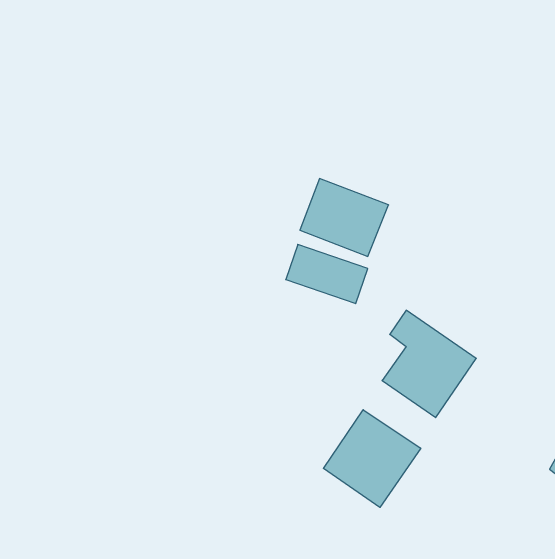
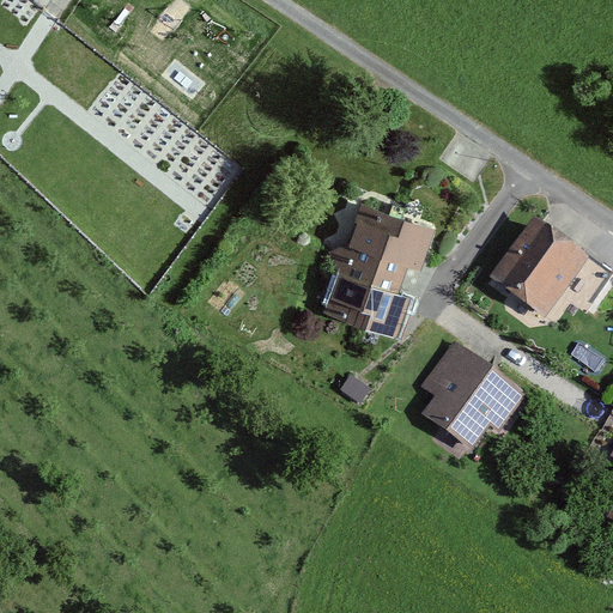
building: none -> [493,220,584,315]
building: [323,410,421,507] -> none

